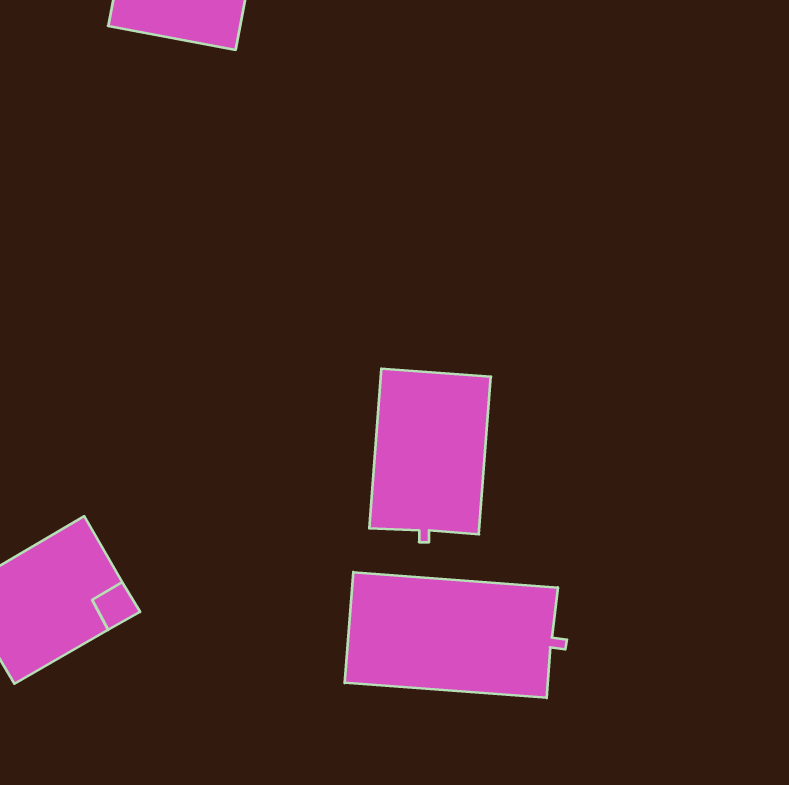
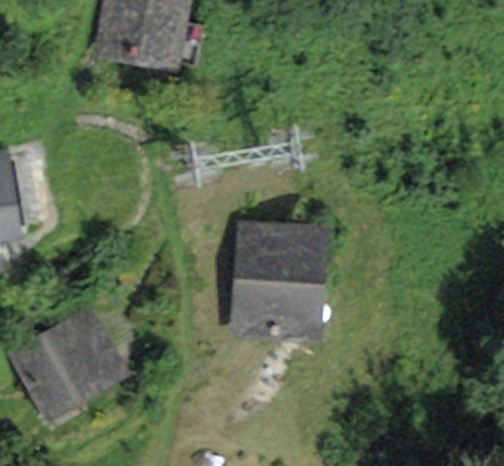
building: [345,572,567,698] -> none

